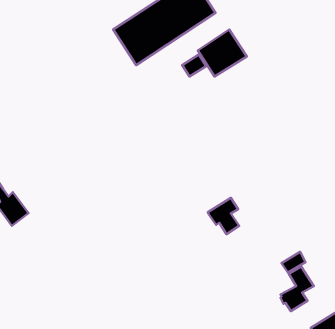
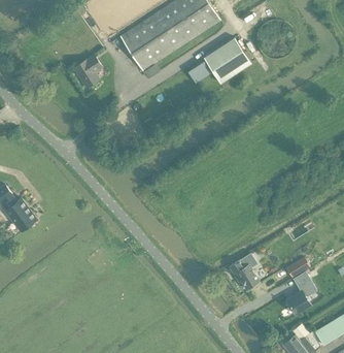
building: none -> [74,54,103,88]
building: [208,198,239,234] -> [229,252,260,288]

